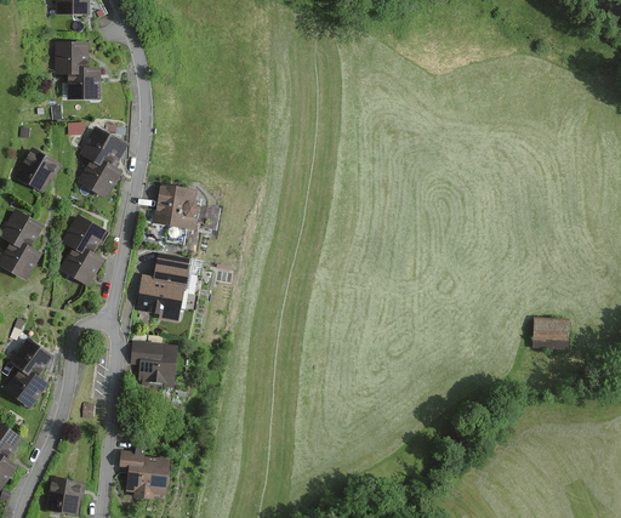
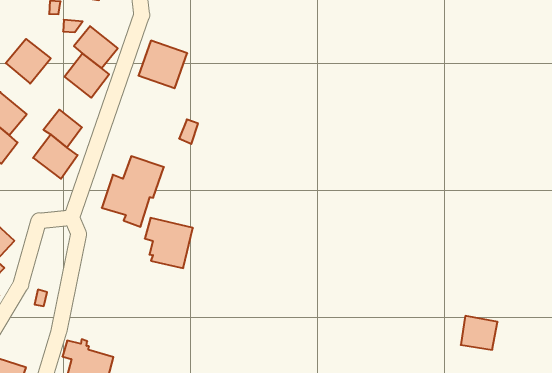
building: [154,183,200,228] -> [138,41,187,88]
building: [534,319,568,349] -> [461,316,498,350]
building: [131,341,178,387] -> [145,218,193,268]

